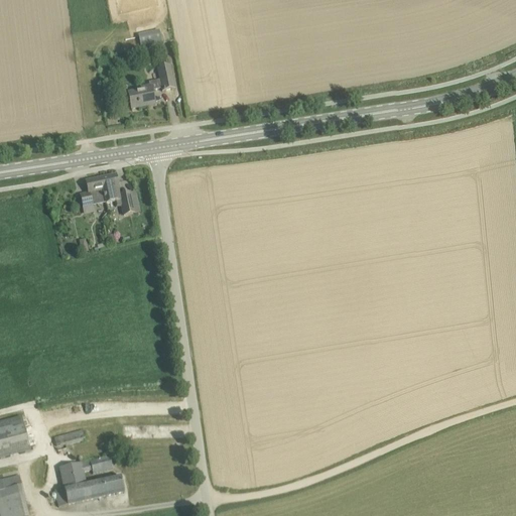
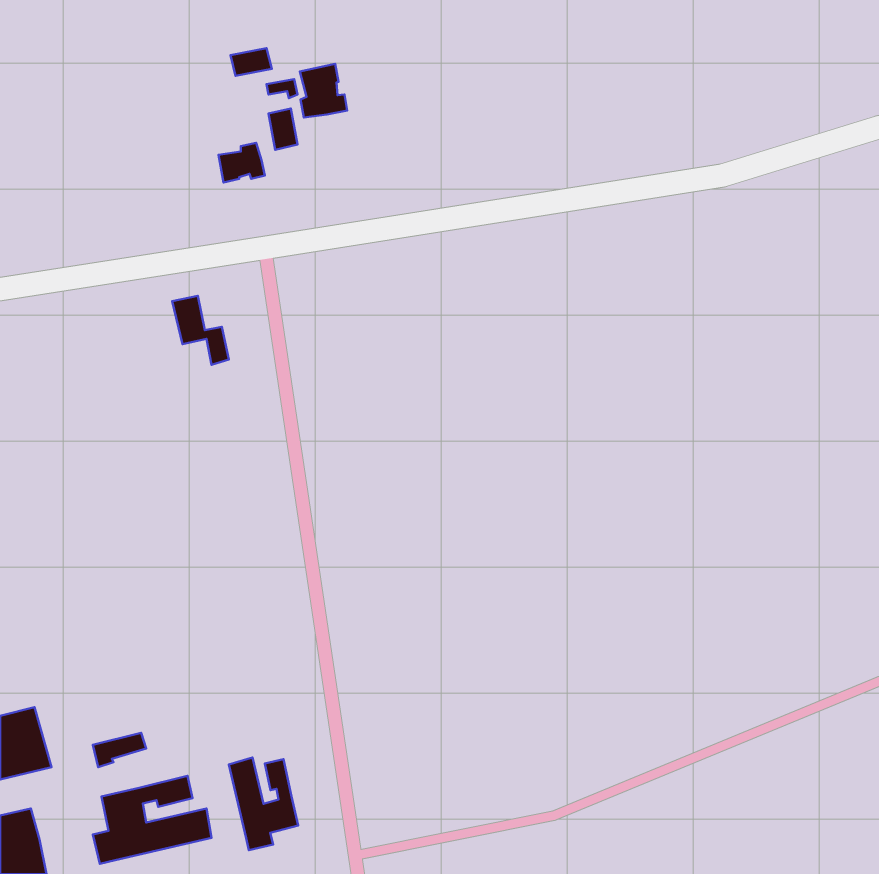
building: none -> [300,64,347,117]
building: [81,176,107,207] -> none
building: none -> [229,758,298,850]

